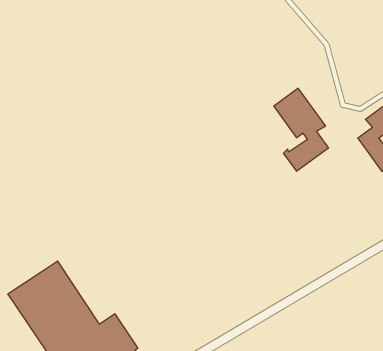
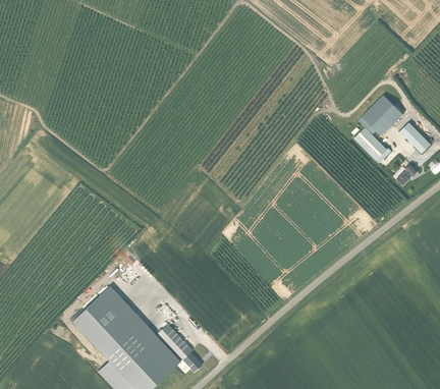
building: [274,88,329,171] -> none

